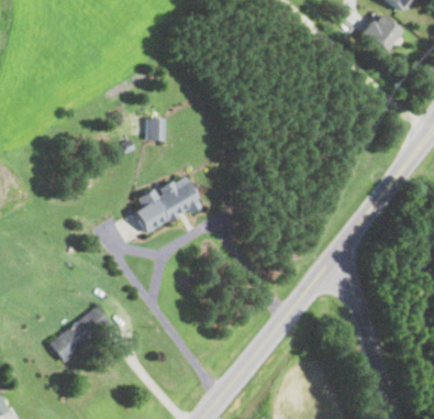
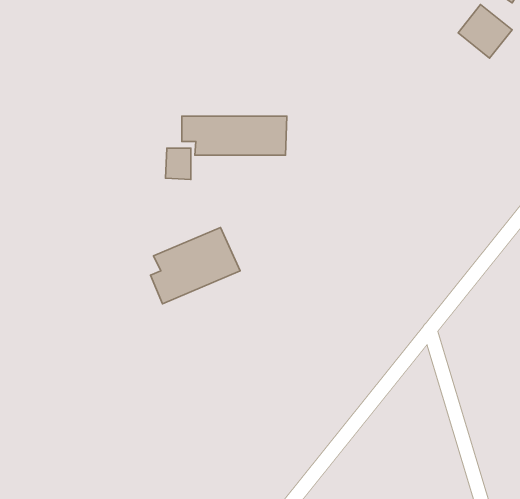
building: none -> [182,116,287,155]
building: [48,309,112,363] -> none

